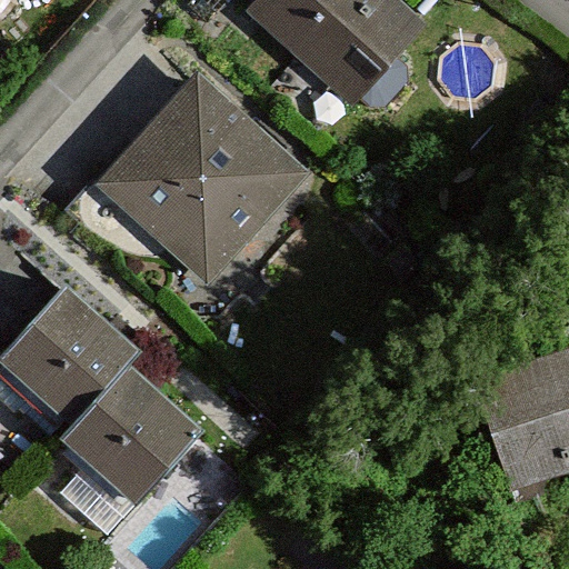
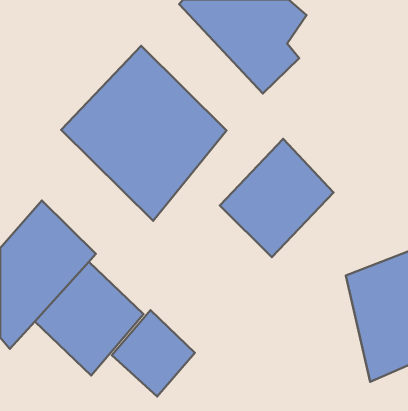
building: none -> [220,139,334,257]
building: none -> [112,310,195,396]

